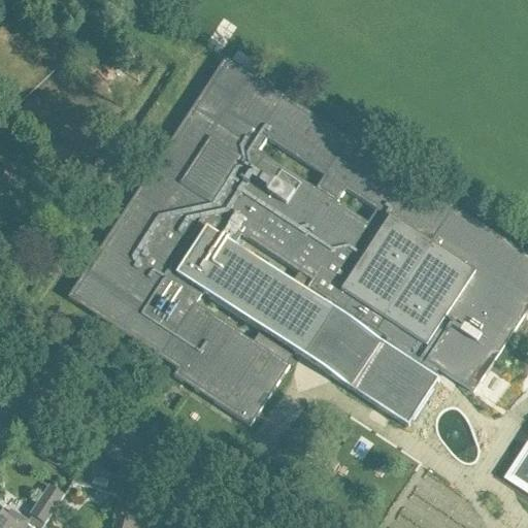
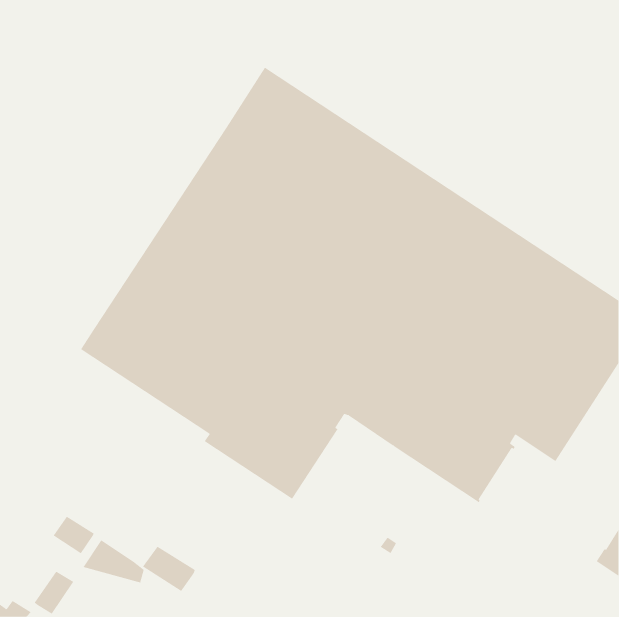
building: none -> [53,516,95,554]
building: none -> [142,546,196,592]

